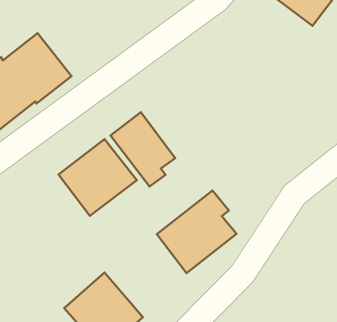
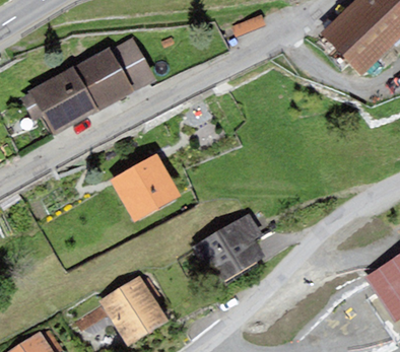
building: none -> [110,38,156,91]
building: [111,112,175,187] -> none

